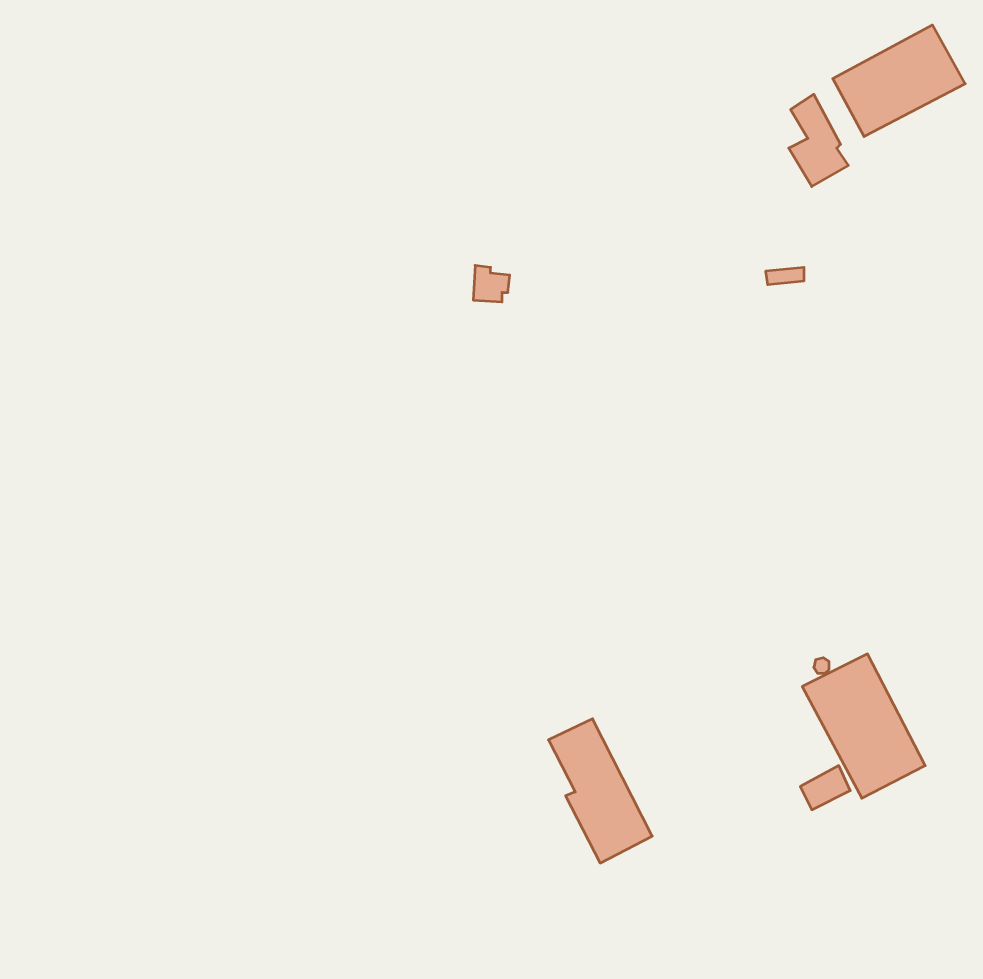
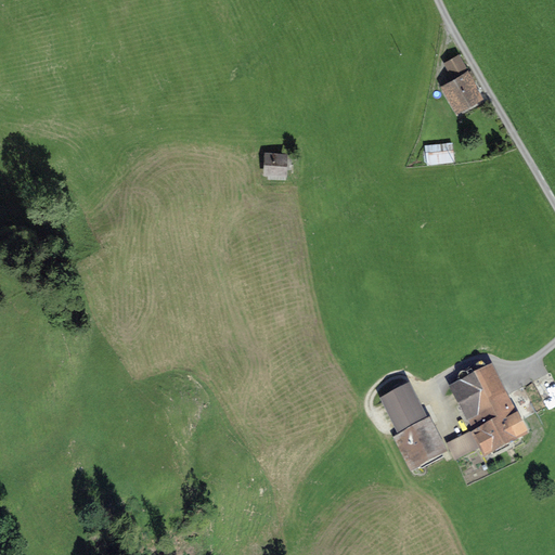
building: [833,25,965,137] -> none
building: [548,719,652,863] -> [384,387,442,468]

